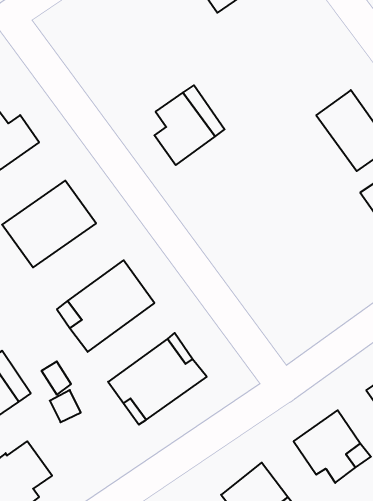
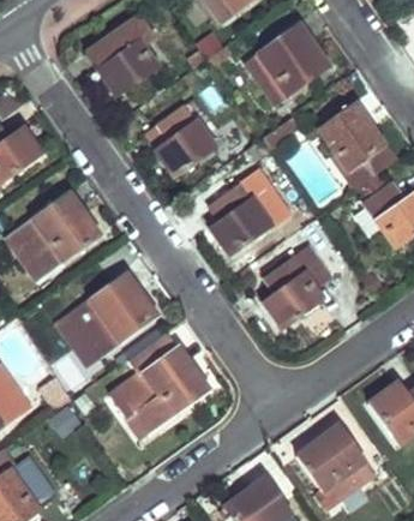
building: none -> [86,17,158,96]
building: none -> [246,23,328,103]
building: none -> [210,169,289,256]
building: none -> [263,244,331,329]

